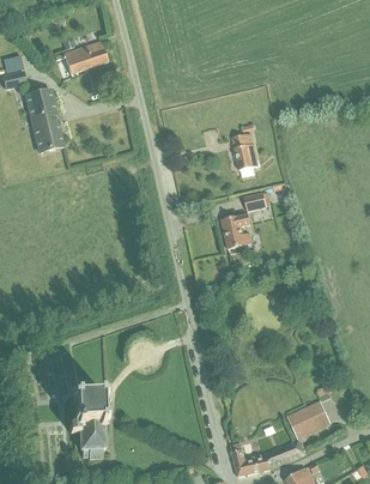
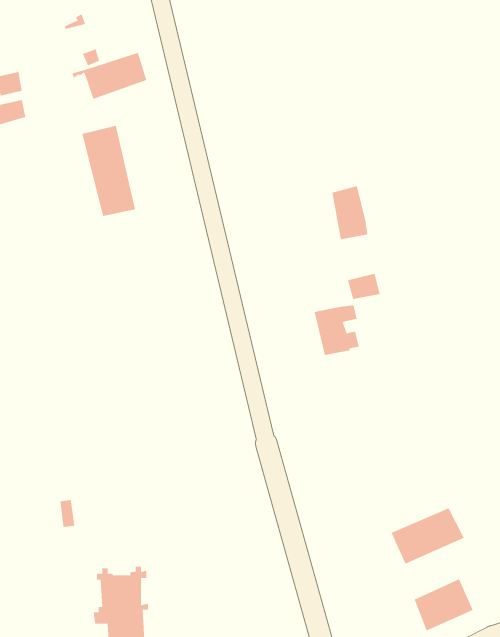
building: [25,90,62,152] -> [81,125,136,216]
building: none -> [391,507,465,565]

